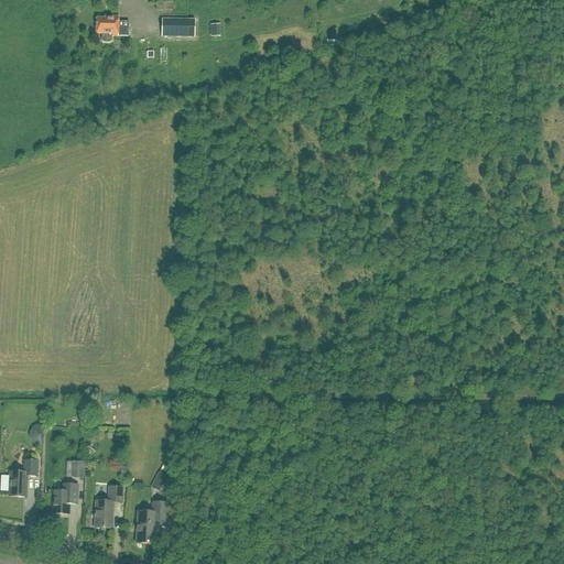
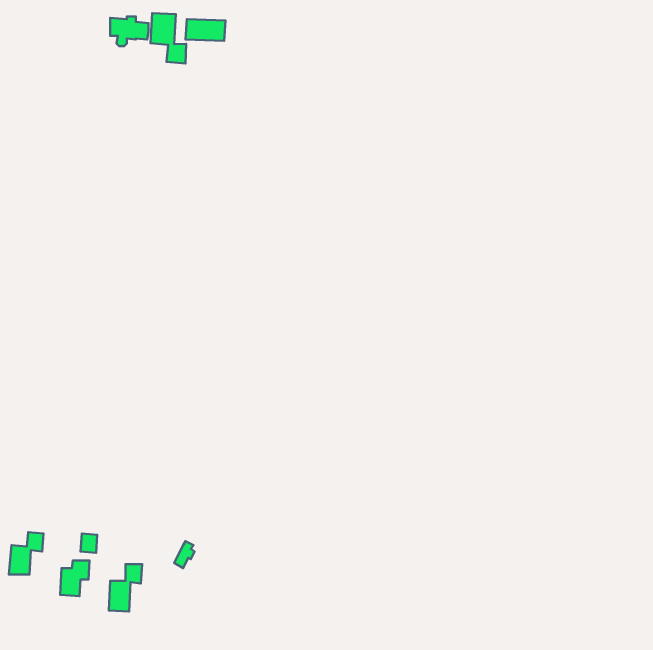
building: none -> [151,13,186,63]
building: [134,500,166,542] -> none

